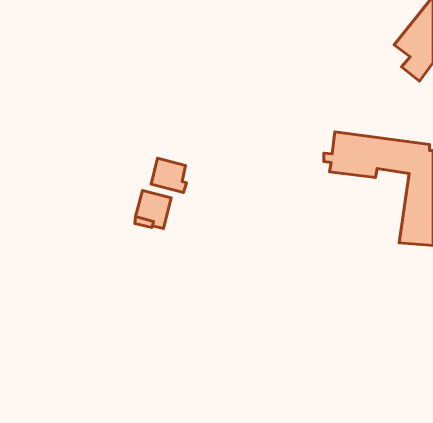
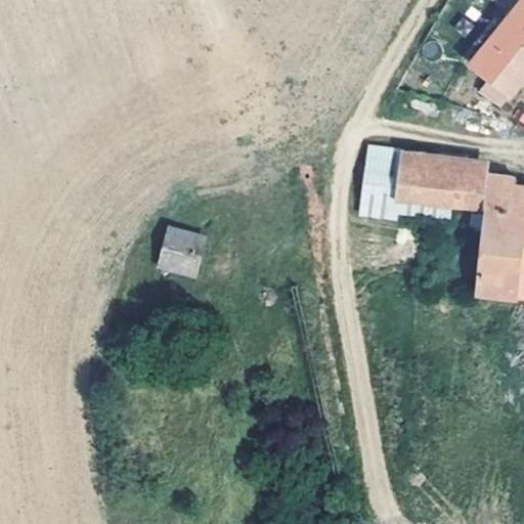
building: none -> [361,142,405,214]
building: [151,158,186,193] -> none

